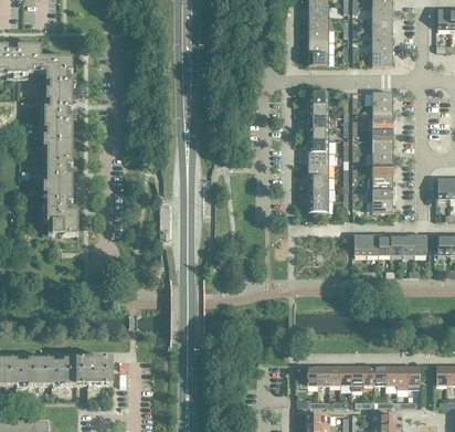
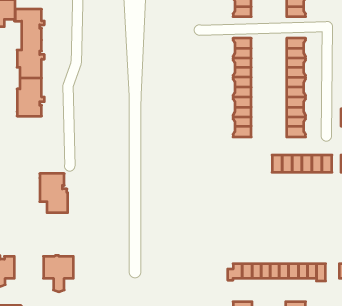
building: [44,187,78,234] -> [40,174,68,213]
building: [41,357,76,394] -> none

